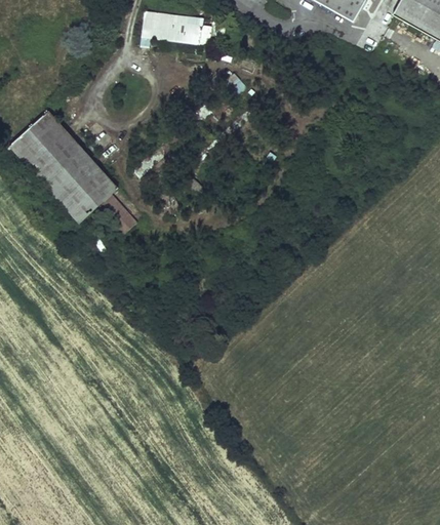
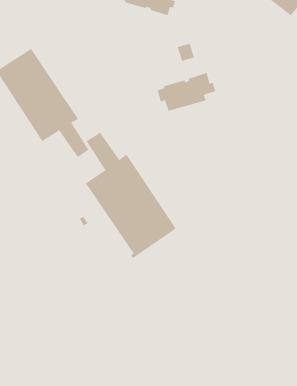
building: none -> [157,72,216,111]
building: none -> [85,132,177,259]

